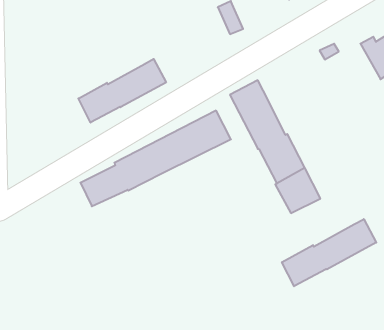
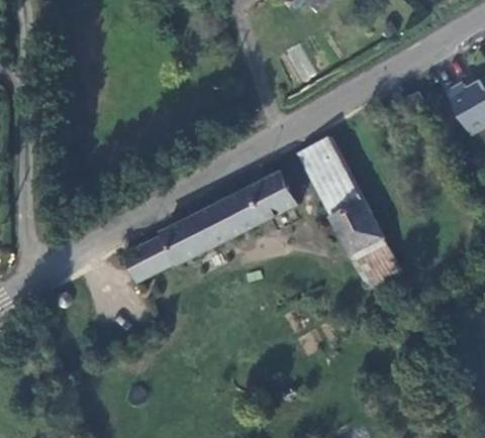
building: [78,59,166,123] -> none
building: [282,219,376,286] -> none

